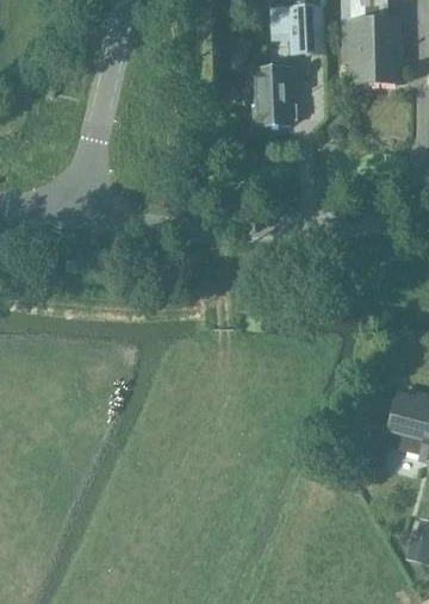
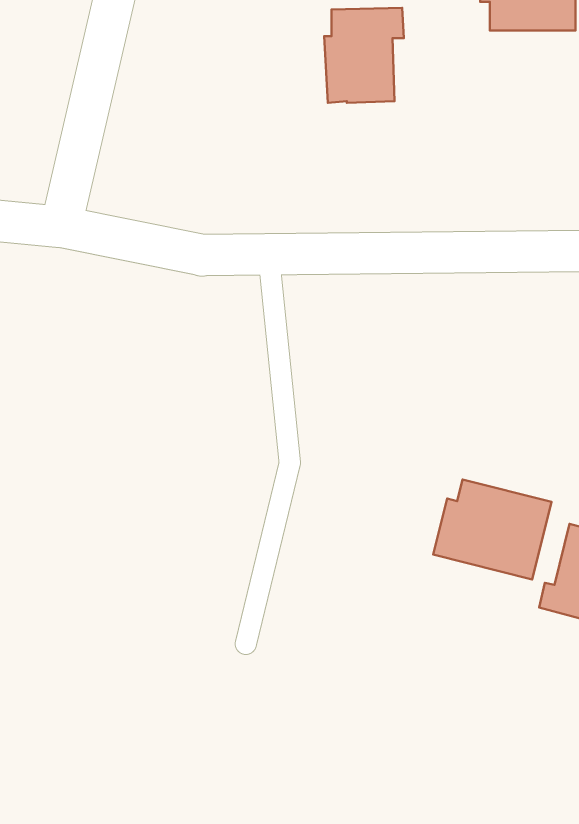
building: none -> [433,480,552,579]

